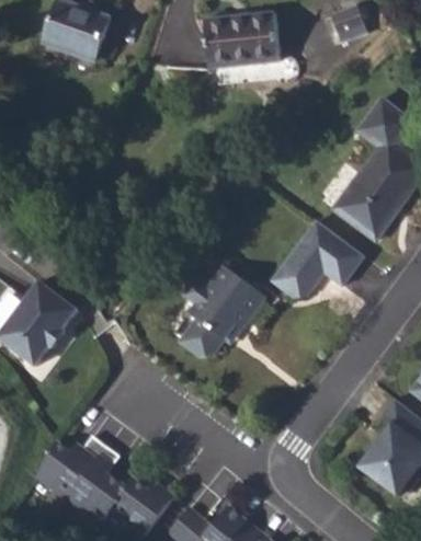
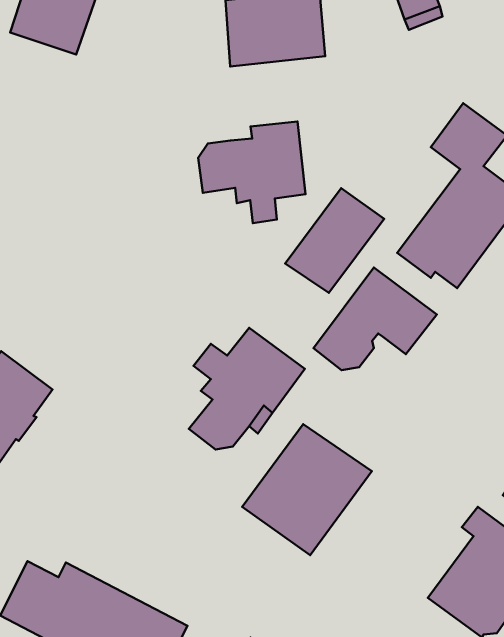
building: none -> [198,122,305,223]
building: none -> [285,188,384,293]
building: none -> [242,424,372,555]

